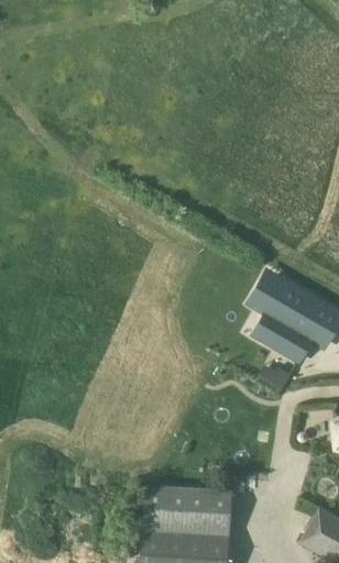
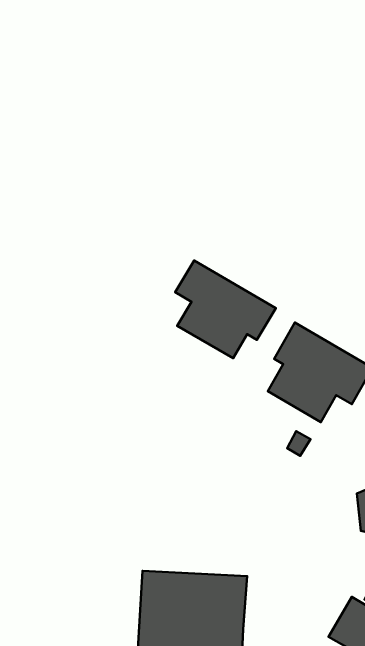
building: none -> [175,260,276,358]

